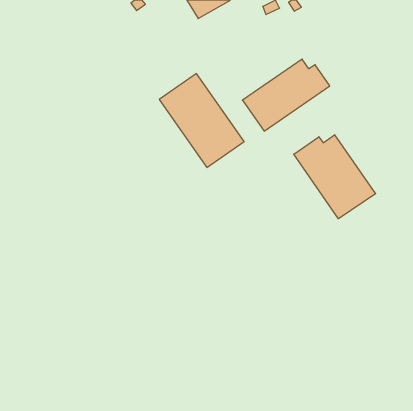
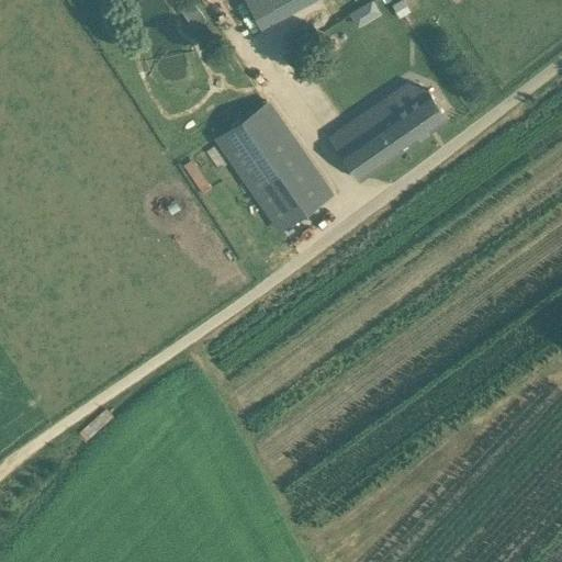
building: [294,135,376,219] -> none

